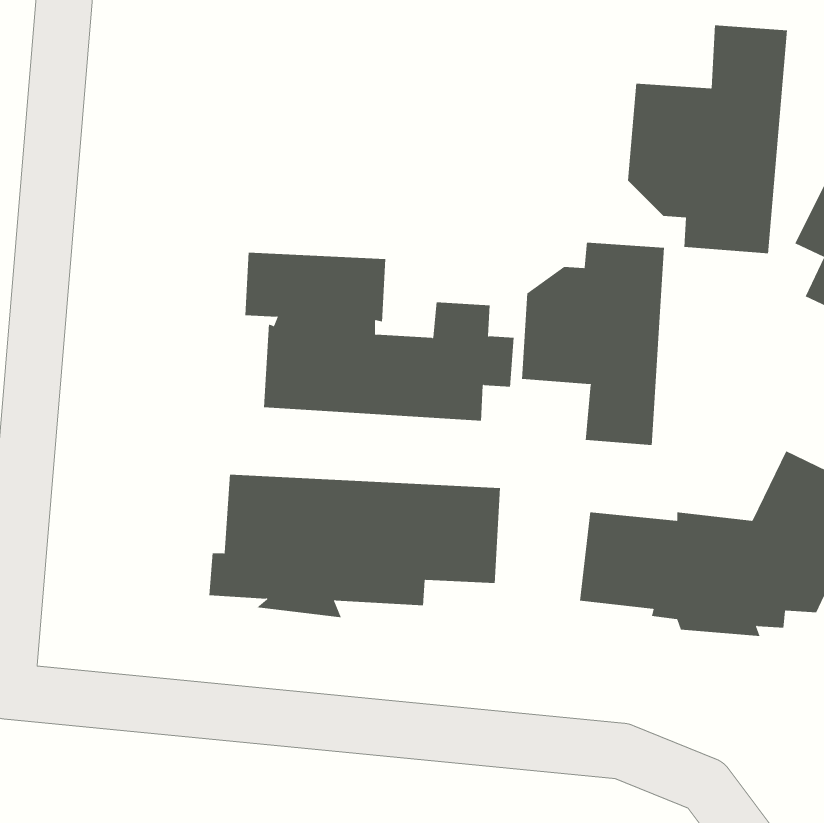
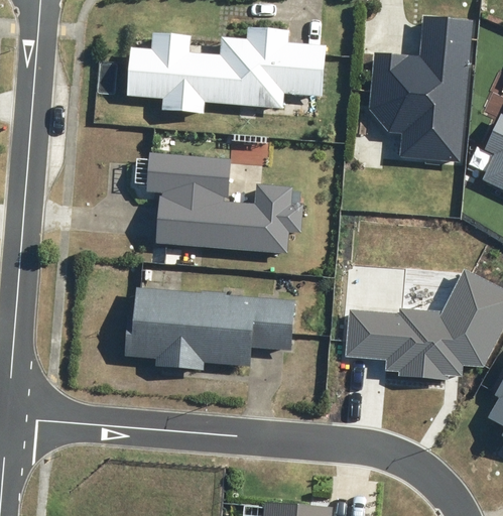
building: none -> [123,21,330,114]
building: [522,242,665,446] -> none

